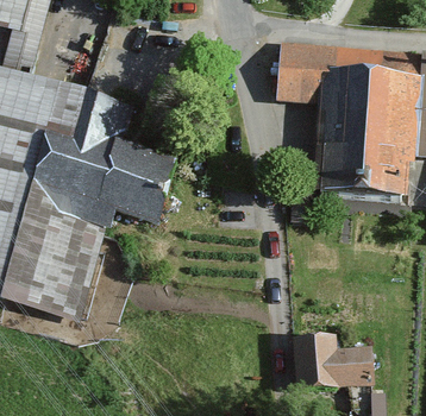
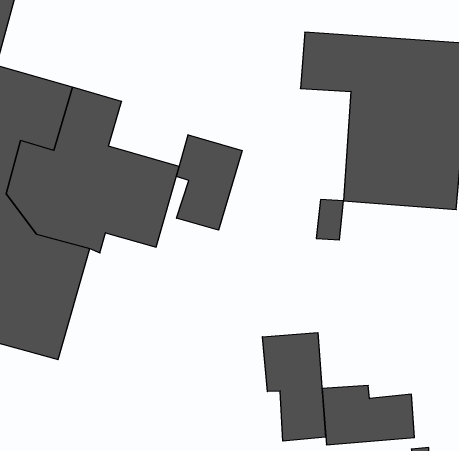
building: none -> [176,135,242,230]
building: none -> [262,333,326,441]

